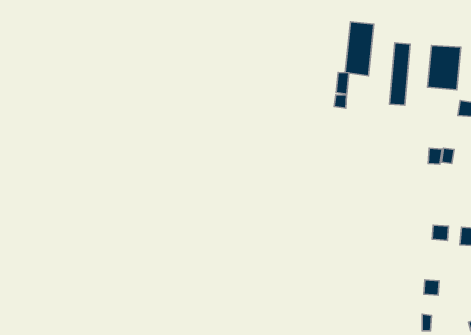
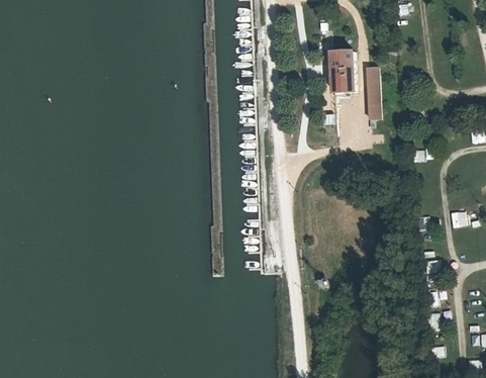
building: [428,45,461,90] -> none

